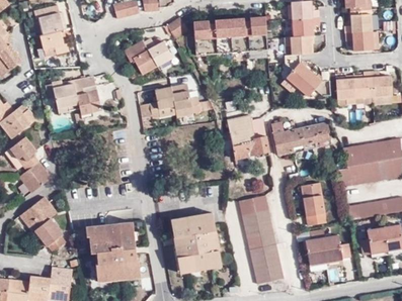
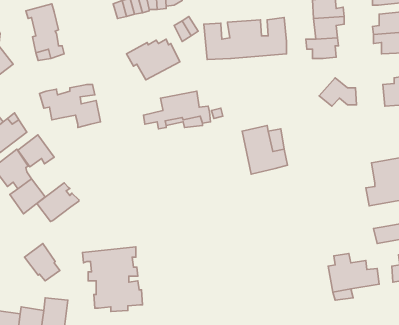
building: [285,55,311,88] -> none
building: [336,75,355,106] -> none
building: [272,120,331,153] -> none
building: none -> [18,135,54,167]
building: [302,181,325,225] -> none
building: [239,194,284,283] -> none
building: [19,198,57,232] -> [37,183,79,222]
building: [172,211,222,269] -> none

